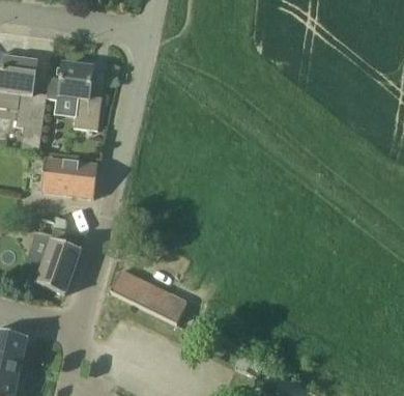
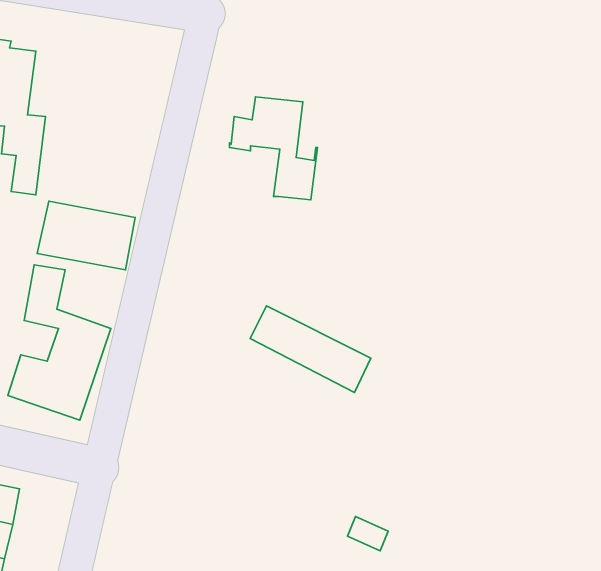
building: [46,63,102,129] -> [229,97,318,200]
building: [110,268,186,323] -> [250,306,371,392]

